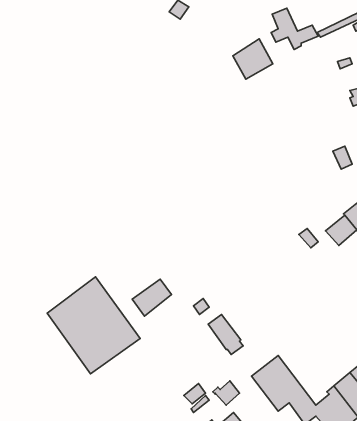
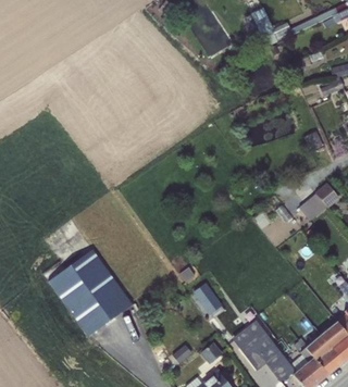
building: [233,39,273,79] -> none
building: [132,279,171,316] -> none

